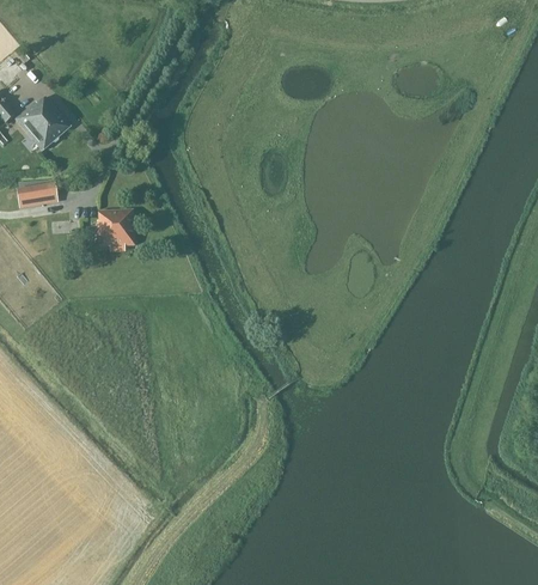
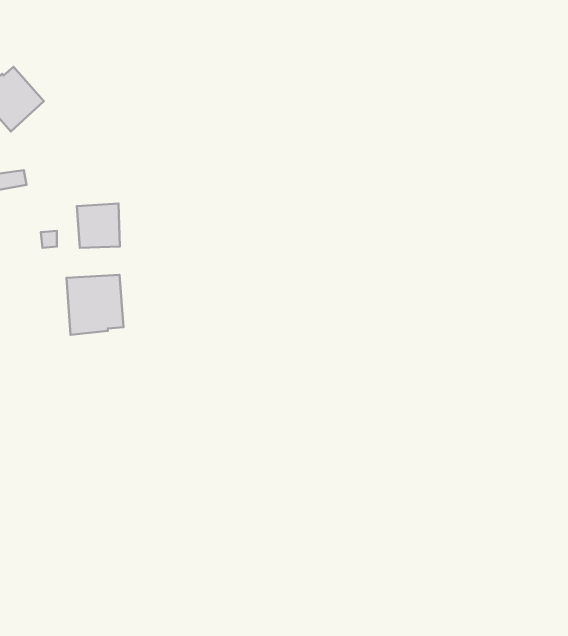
building: none -> [66,275,124,335]

